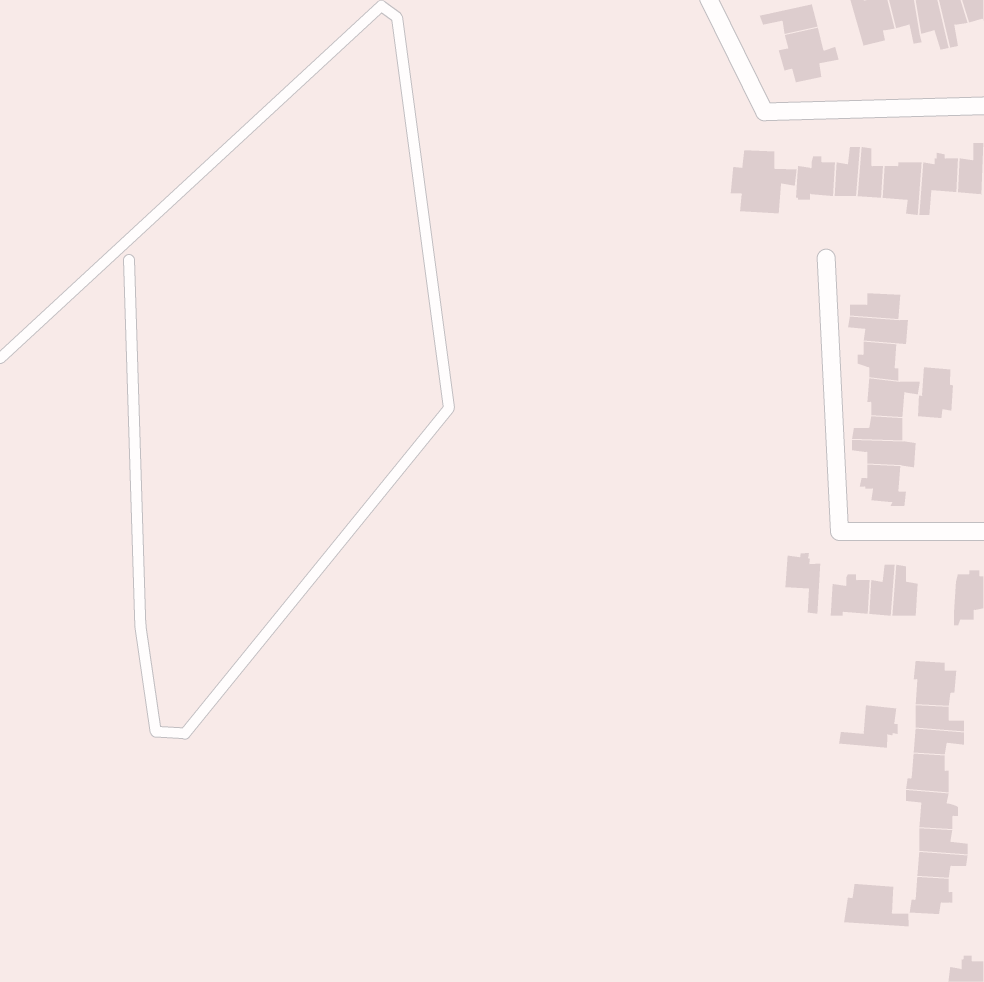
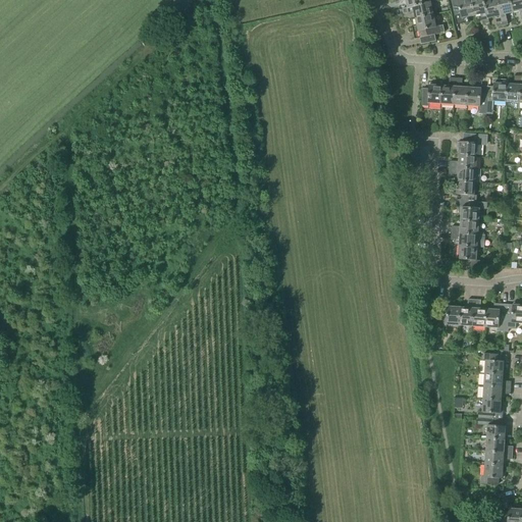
building: [730,149,797,214] -> none
building: none -> [457,134,486,156]
building: [917,366,954,419] -> none
building: [785,552,821,614] -> none
building: none -> [485,303,507,331]
building: [839,704,898,748] -> none
building: [844,883,909,927] -> none

